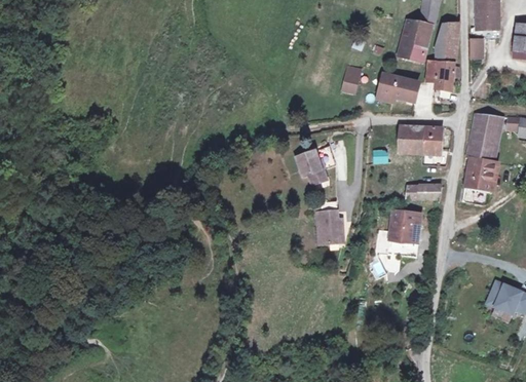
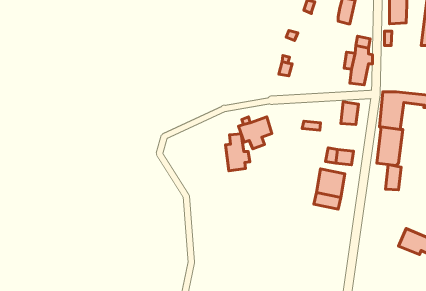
building: [440,21,461,48] -> none
building: [400,25,428,60] -> none
building: [379,74,419,101] -> none
building: [398,123,423,152] -> none
building: [315,197,345,242] -> [225,134,250,171]
building: none -> [385,165,401,190]

